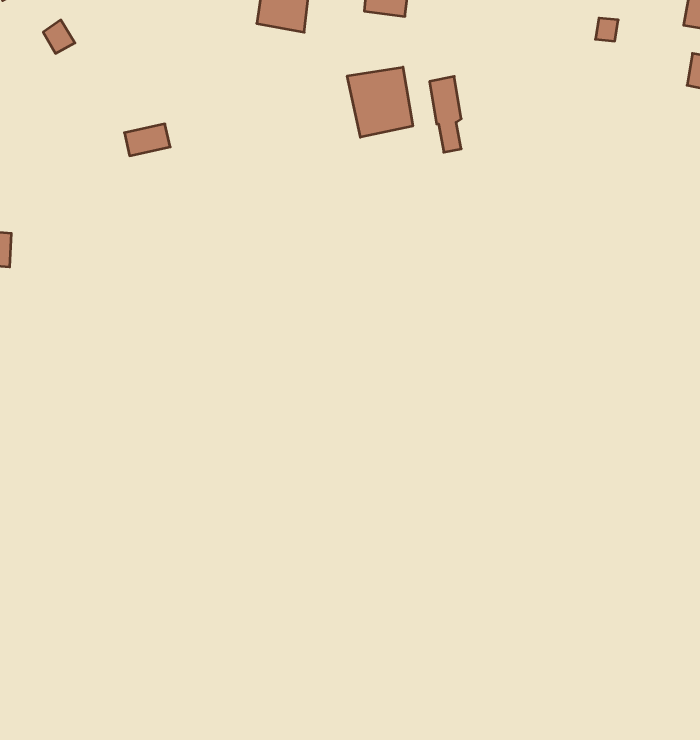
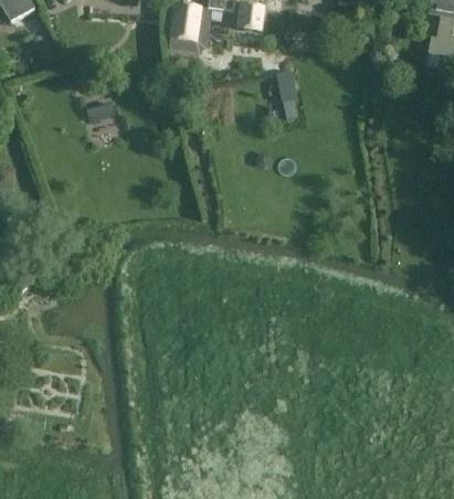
building: [347,67,413,137] -> none

